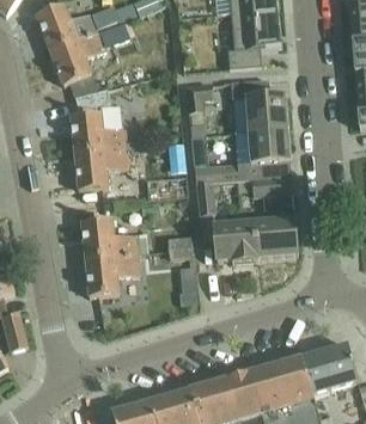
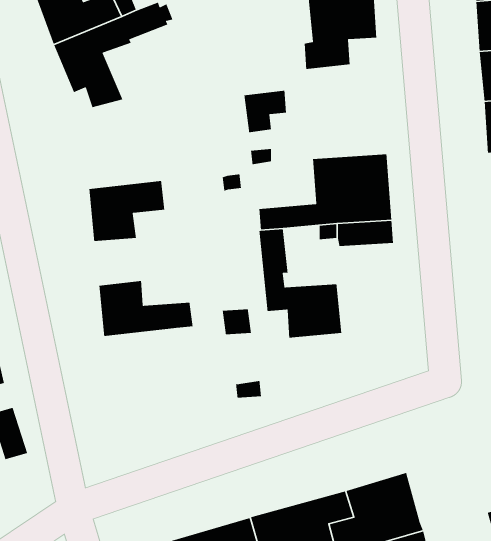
building: [230,80,287,133] -> none
building: [69,91,126,154] -> none
building: [251,217,297,258] -> none
building: [84,254,139,296] -> none
building: [301,345,356,393] -> none

